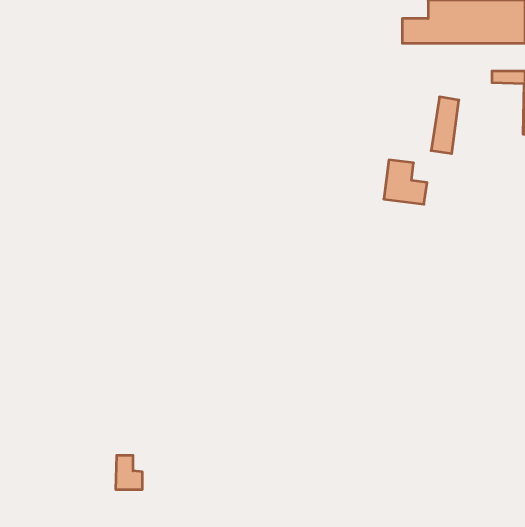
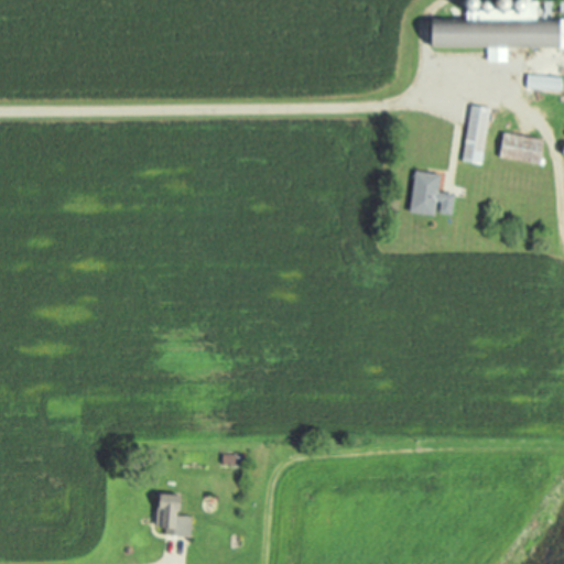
building: none -> [498,133,544,163]
building: [116,455,142,489] -> [163,499,192,535]

